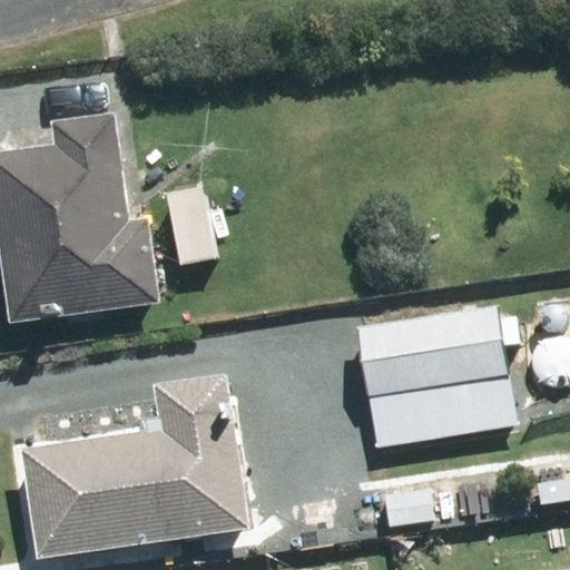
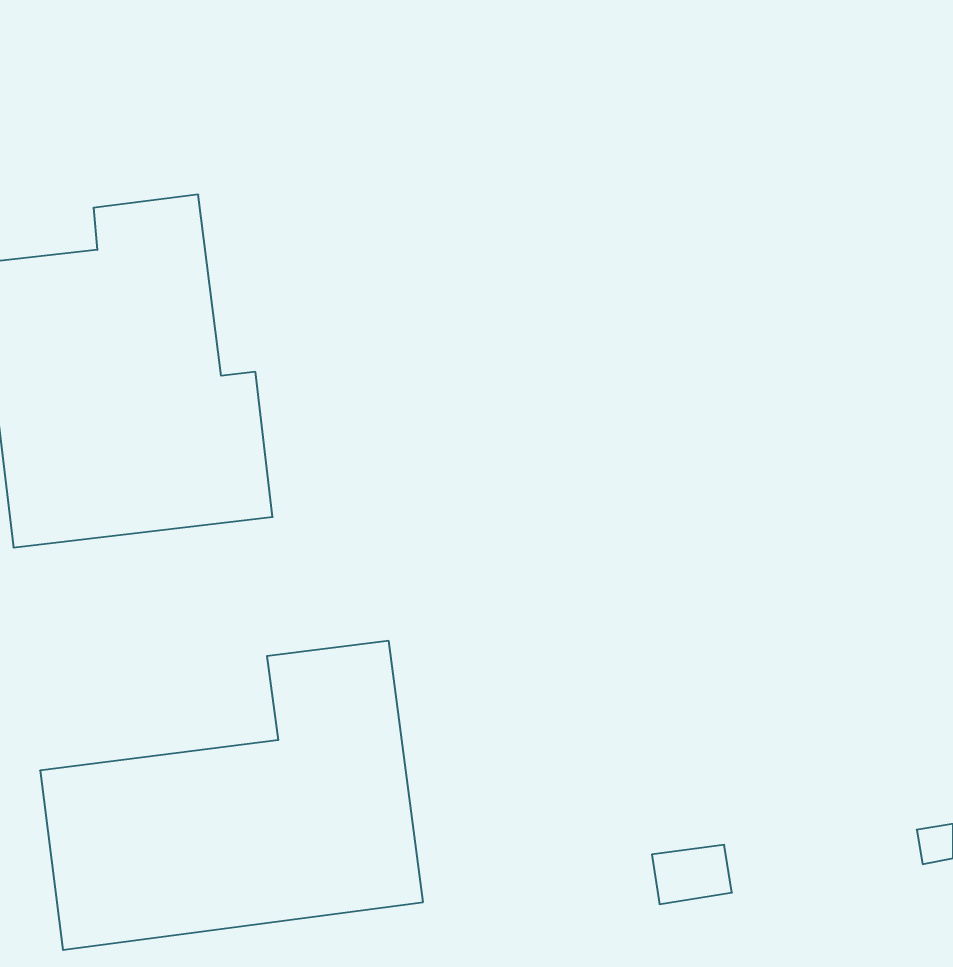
building: [357,308,511,446] -> none

